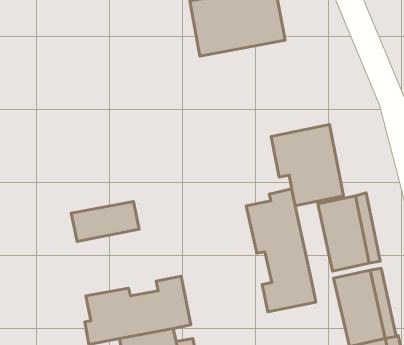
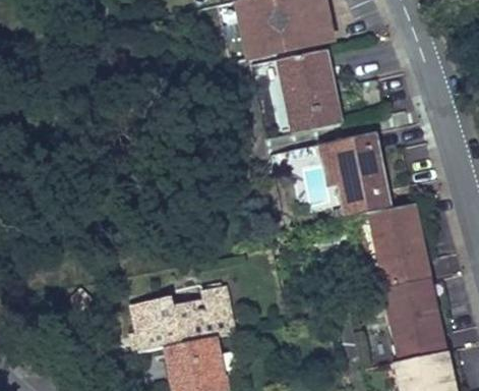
building: none -> [277,51,342,132]
building: [246,189,316,312] -> none
building: [71,201,139,241] -> none

